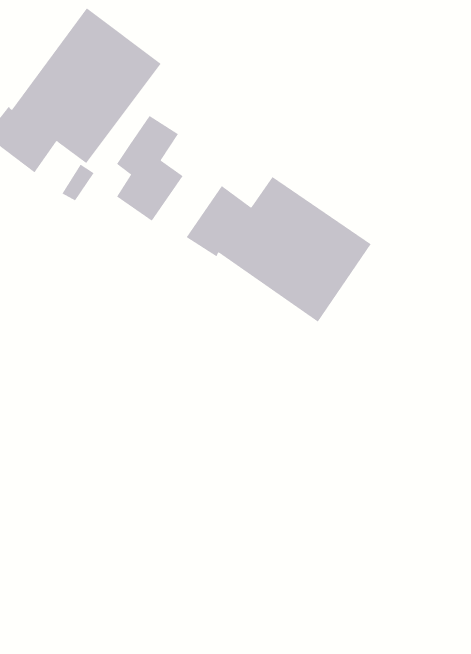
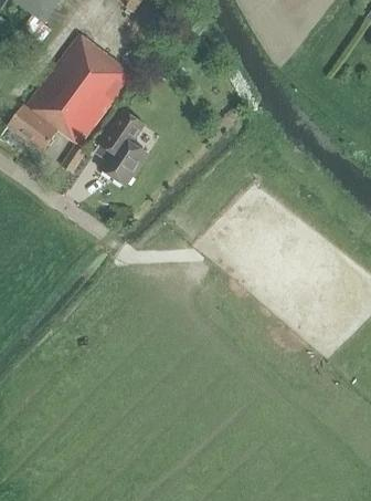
building: [186,176,372,322] -> none

